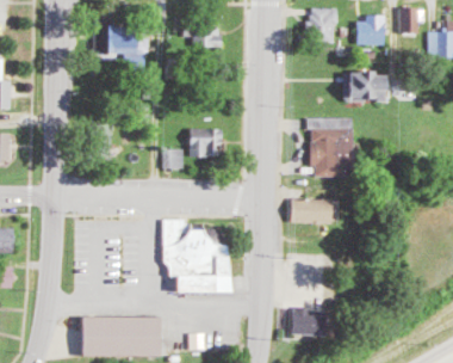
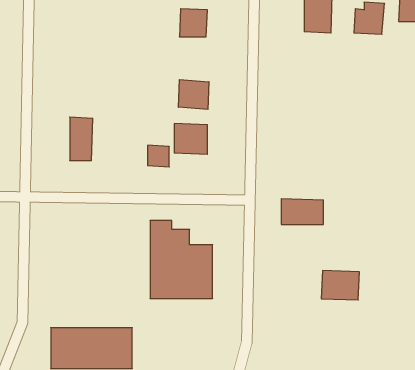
building: [95,24,148,55] -> none
building: [345,69,387,100] -> none
building: none -> [178,80,209,109]
building: [310,117,354,177] -> none
building: [291,308,327,336] -> [321,271,359,300]

